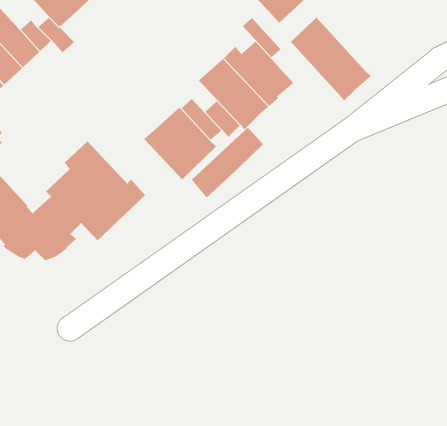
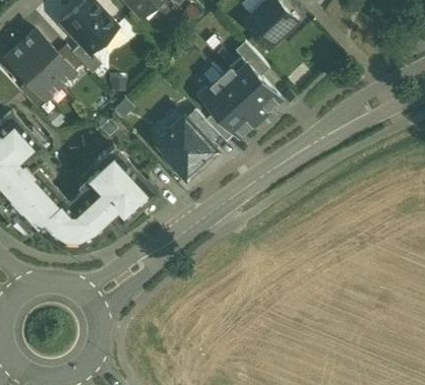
building: [290,17,372,101] -> none
building: [191,127,264,198] -> none

